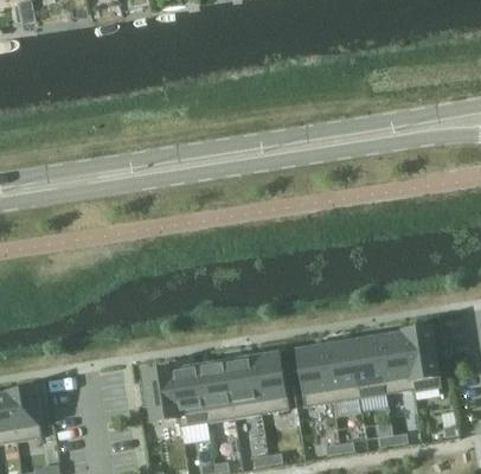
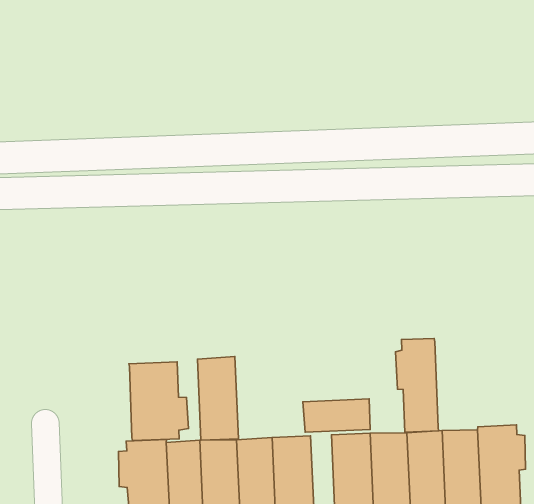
building: none -> [395,338,439,432]
building: none -> [198,356,239,440]
building: none -> [129,362,188,441]
building: none -> [303,399,370,432]

